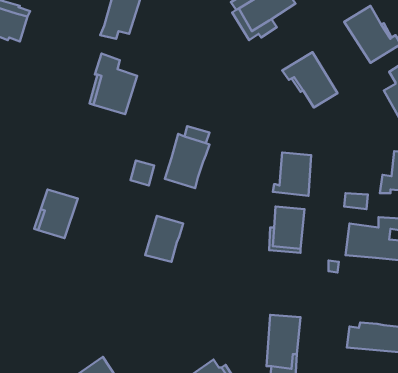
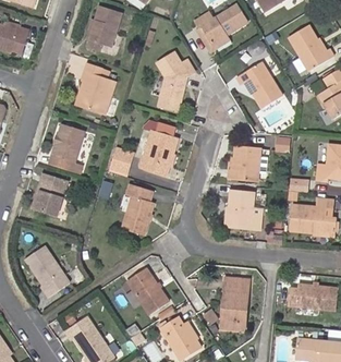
building: none -> [155,51,194,108]
building: none -> [47,124,83,173]
building: none -> [24,244,70,297]
building: none -> [125,267,168,315]

